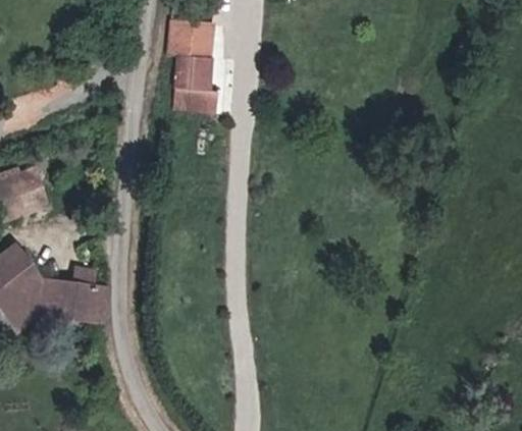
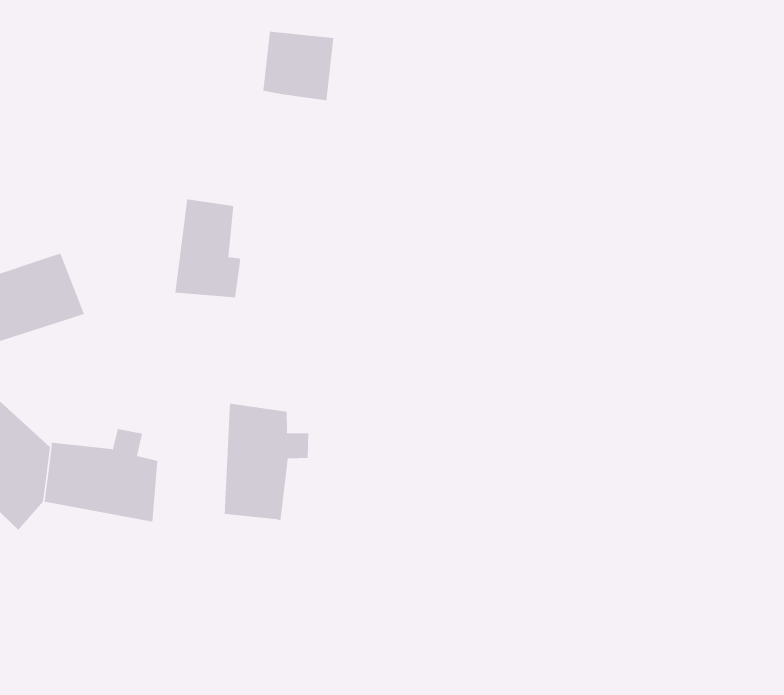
building: [172,67,212,126] -> [175,199,241,298]
building: none -> [224,403,309,521]

